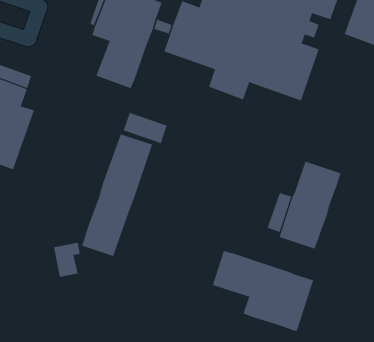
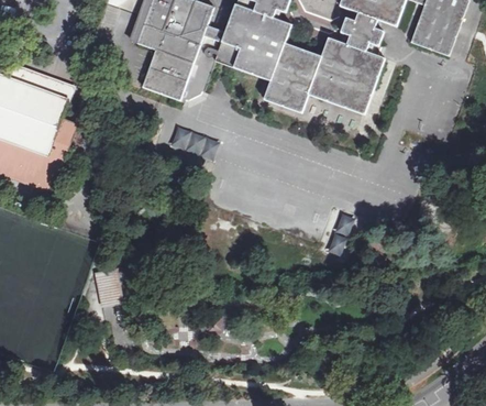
building: [81,134,153,257] -> none
building: [279,161,341,249] -> none
building: [212,250,314,332] -> none

